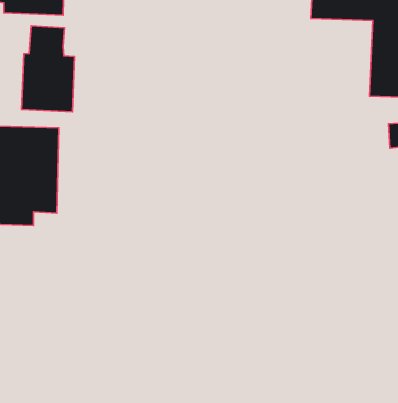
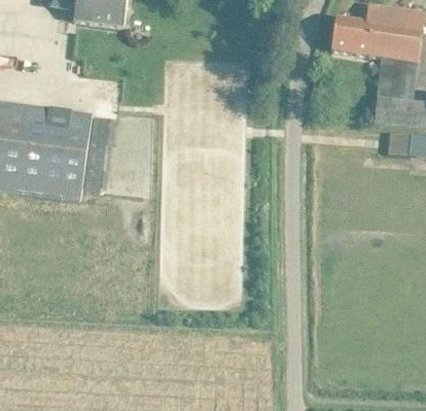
building: [22,26,75,112] -> none

